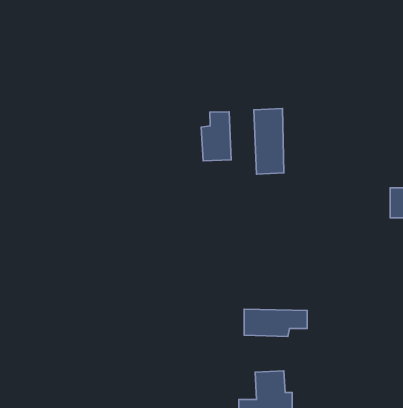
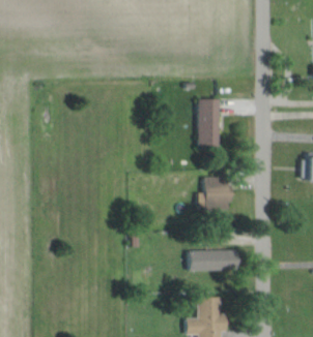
building: [201,112,231,161] -> none
building: none -> [197,177,229,205]

